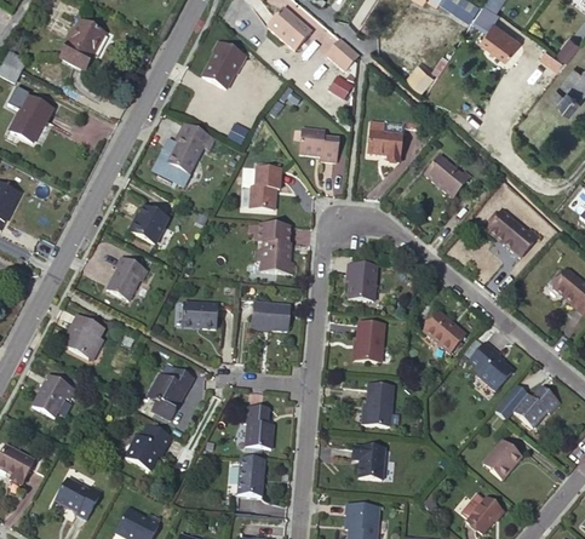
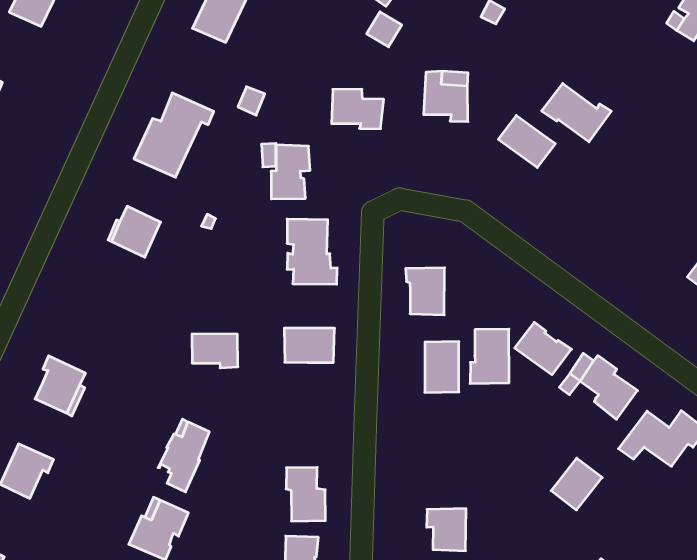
building: [487,210,539,254] -> [542,83,611,142]
building: [104,257,144,302] -> none
building: [362,384,394,425] -> [470,329,509,384]
building: [484,438,523,477] -> [551,458,602,510]

